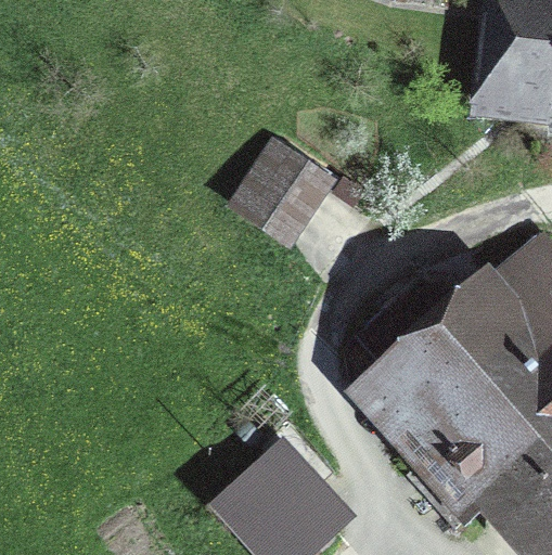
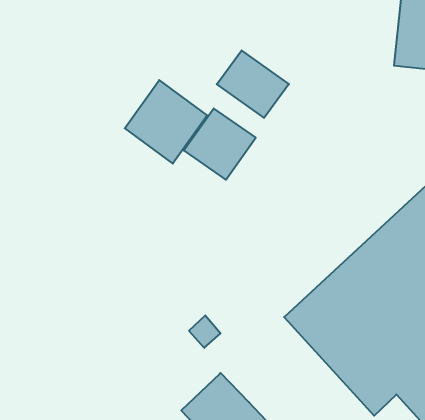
building: none -> [217,50,289,118]
building: none -> [125,80,207,164]

